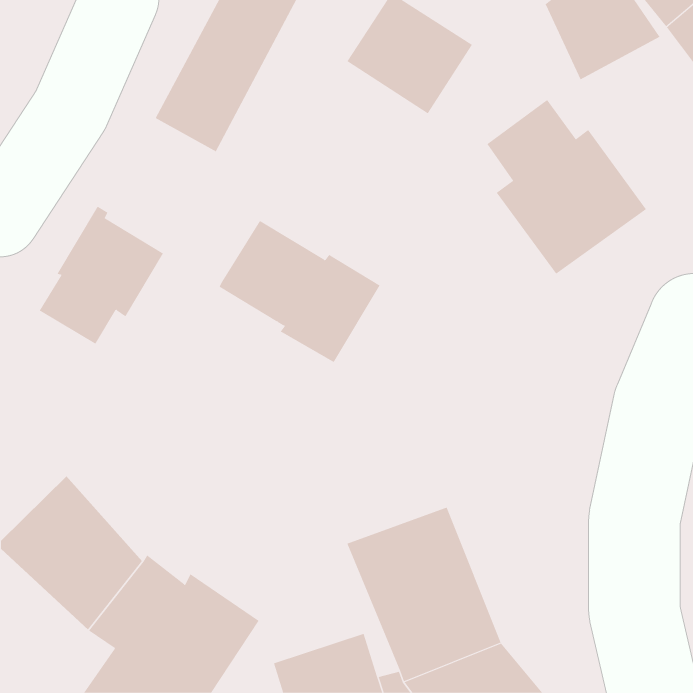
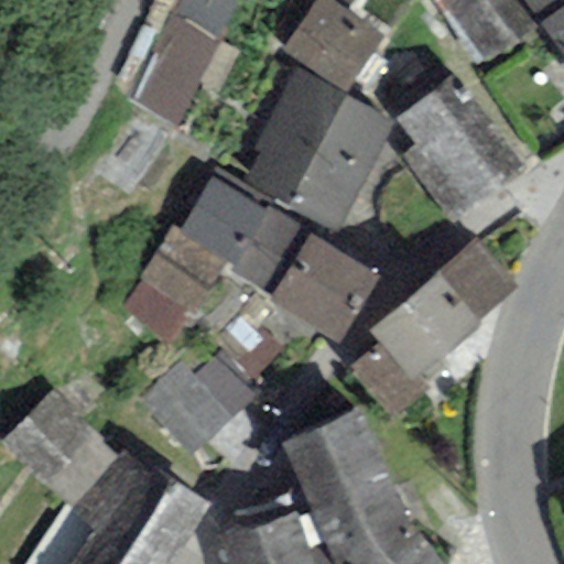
building: none -> [247,69,393,228]
building: [39,206,164,344] -> [124,223,226,335]
building: none -> [270,231,381,343]
building: none -> [349,238,517,420]
building: none -> [138,357,254,458]

